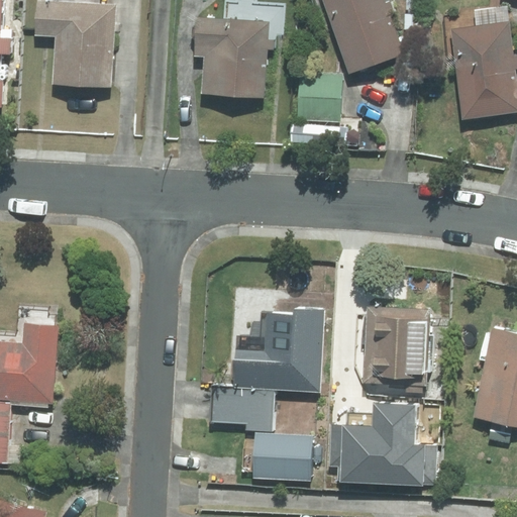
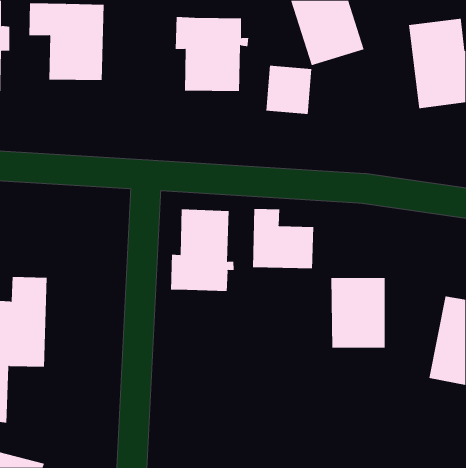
building: none -> [252,208,314,269]
building: none -> [171,209,234,292]
building: [212,308,325,482] -> none
building: [334,399,436,482] -> none

